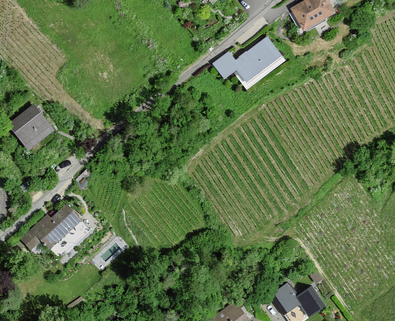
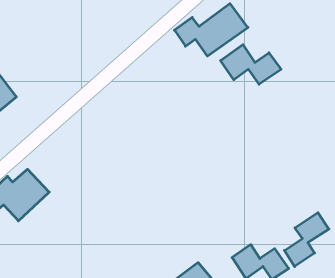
building: none -> [221,45,281,84]
building: none -> [284,213,329,267]

